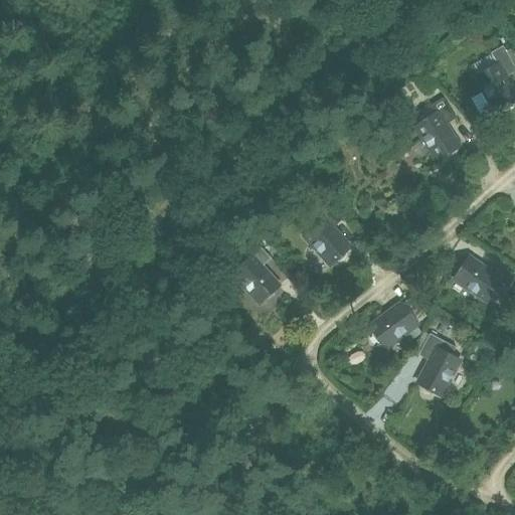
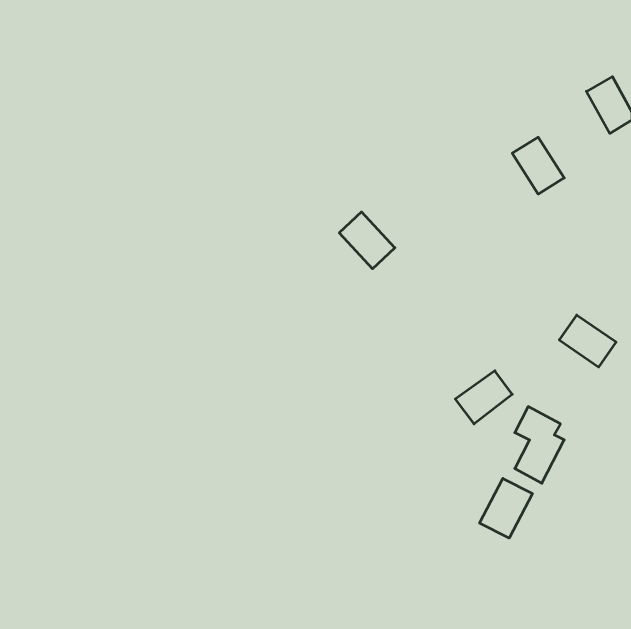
building: [305,216,350,263] -> [339,212,395,269]
building: [234,254,279,301] -> none
building: none -> [480,478,532,538]

